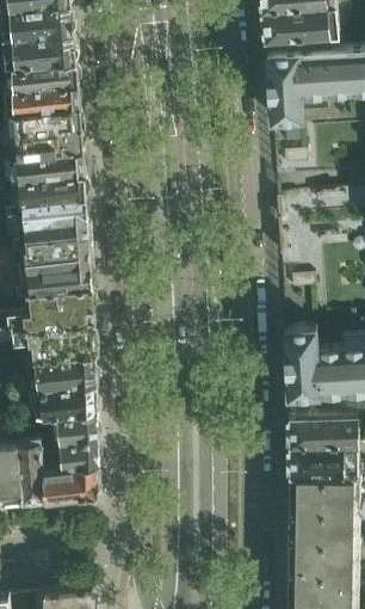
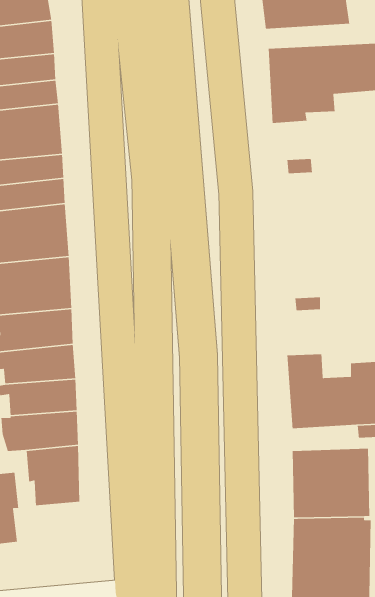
building: [39,460,99,496] -> none

